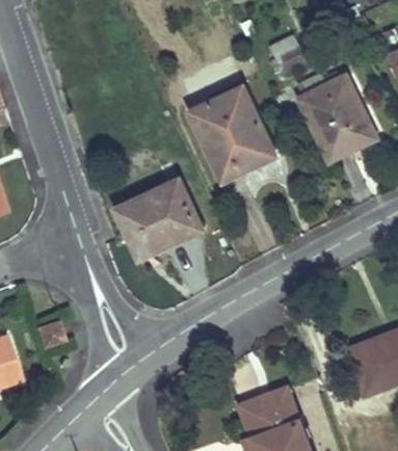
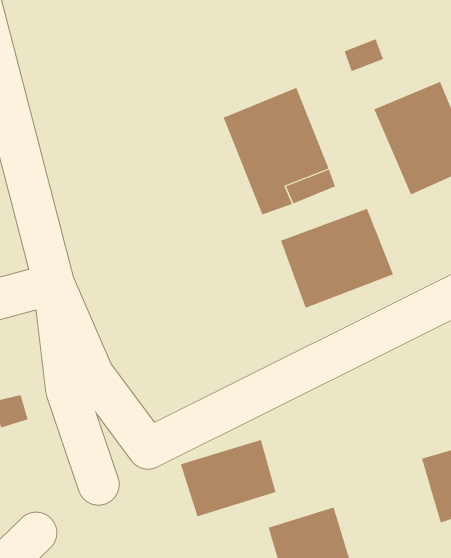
building: [118,183,202,258] -> [280,208,394,308]
building: none -> [180,439,276,517]

